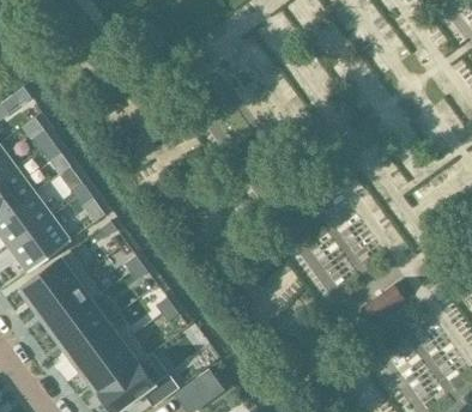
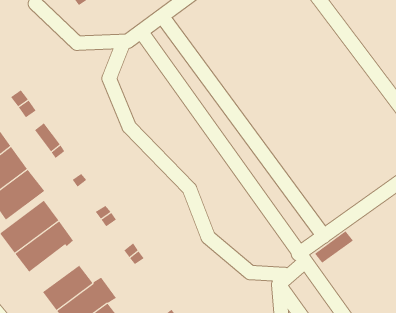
building: [53,299,108,351] -> none

